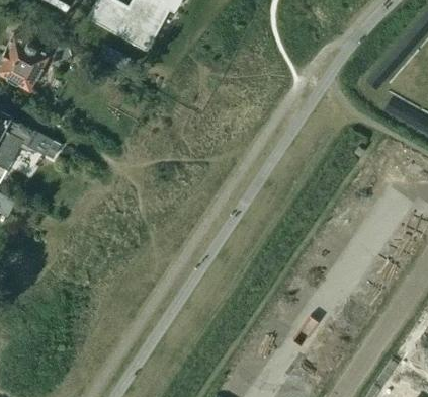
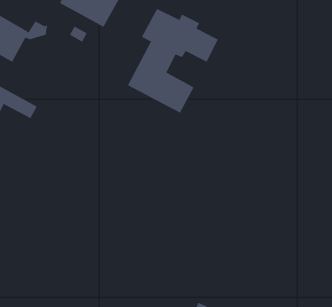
building: none -> [127,8,224,114]

